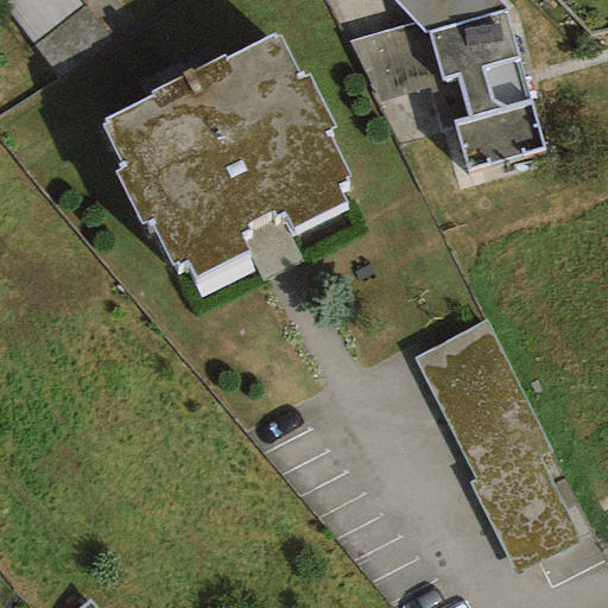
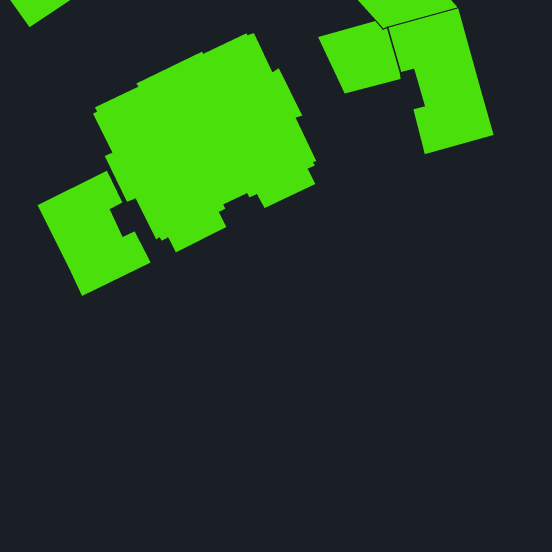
building: none -> [37,170,151,297]
building: [417,318,590,563] -> none

